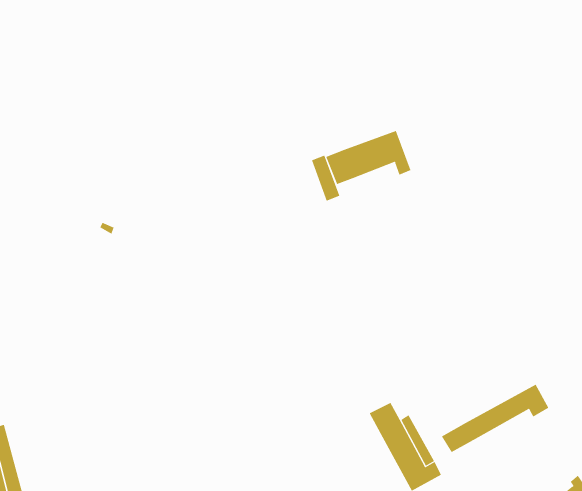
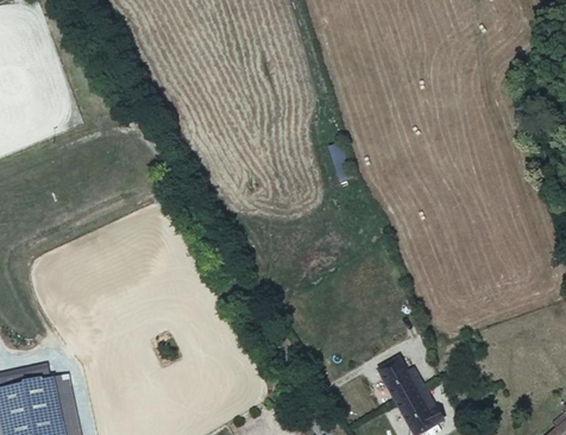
building: [326,130,411,185] -> none
building: [441,384,549,453] -> none

